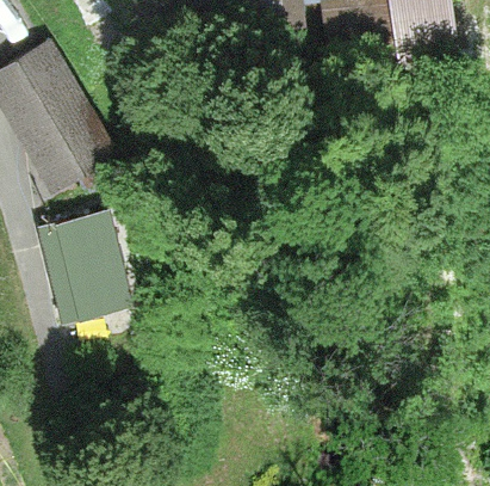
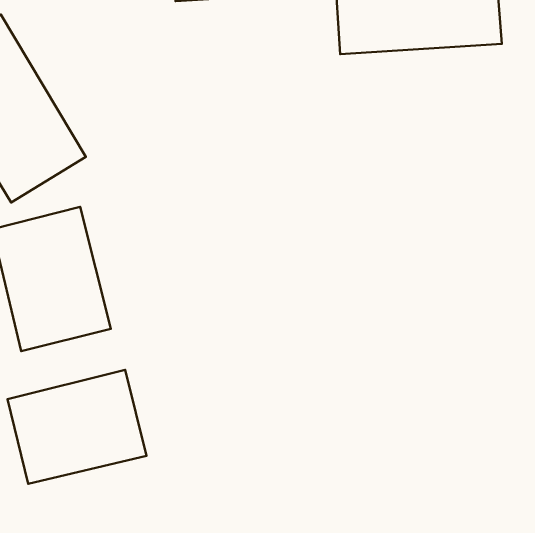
building: none -> [8,370,146,484]

